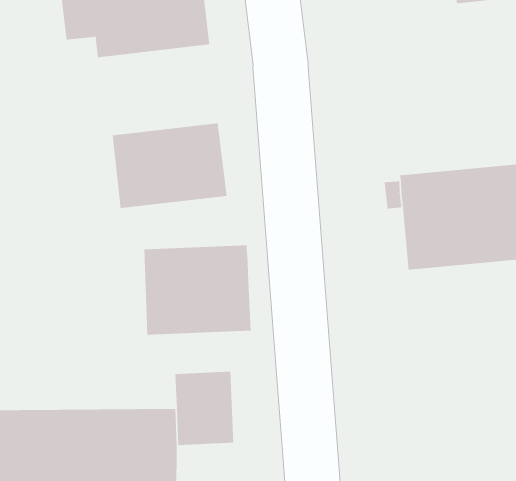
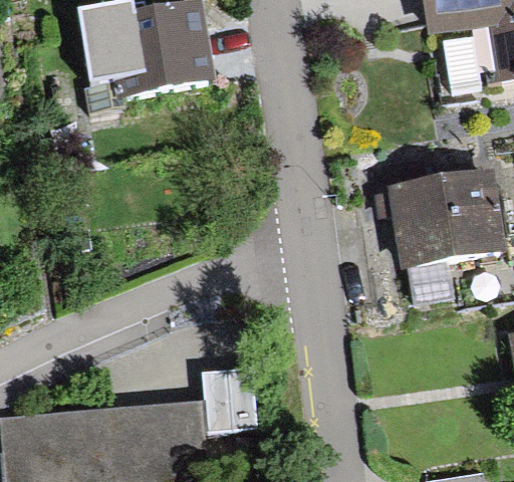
building: [112,123,227,209] -> none
building: [144,245,251,336] -> none

